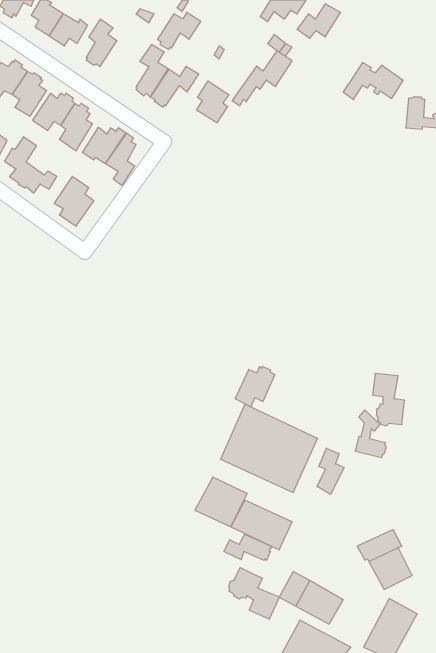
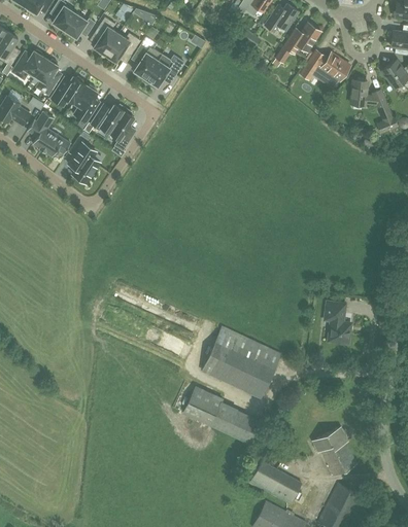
building: [157,12,201,49] -> [104,32,139,62]
building: [232,51,292,106] -> [271,22,319,66]
building: [197,81,229,123] -> none
building: [235,366,275,407] -> none
building: [355,410,386,458] -> none
building: [317,448,344,494] -> none
building: [224,534,272,560] -> none
building: [229,568,279,619] -> none

